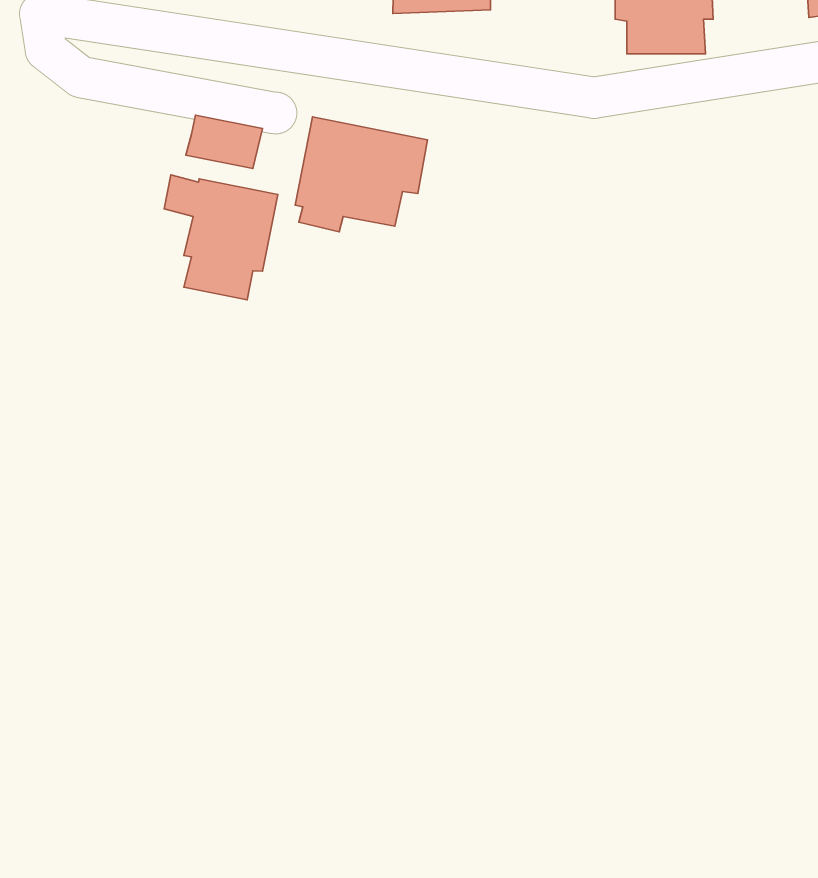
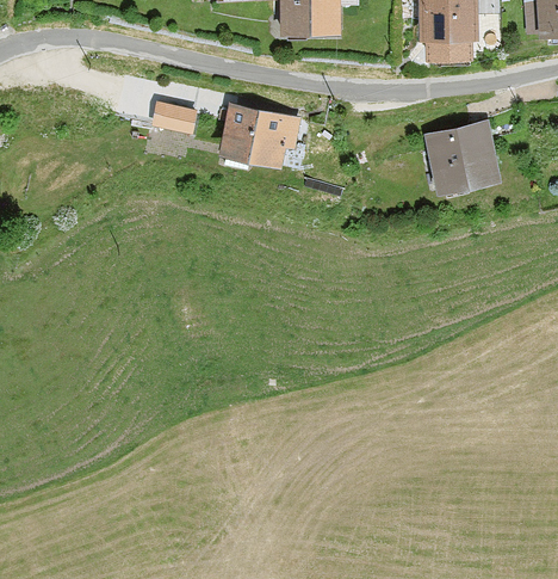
building: none -> [423,118,501,196]
building: [164,175,278,300] -> none

